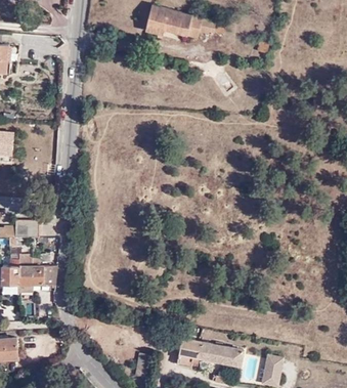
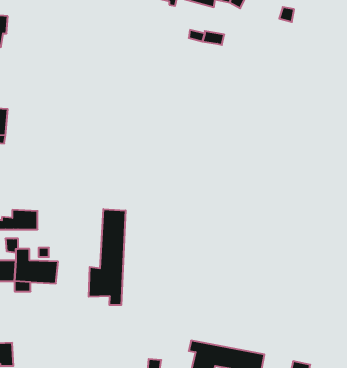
building: none -> [89,209,126,305]

